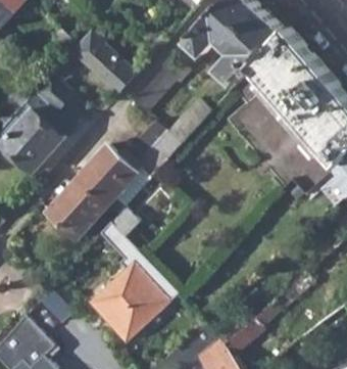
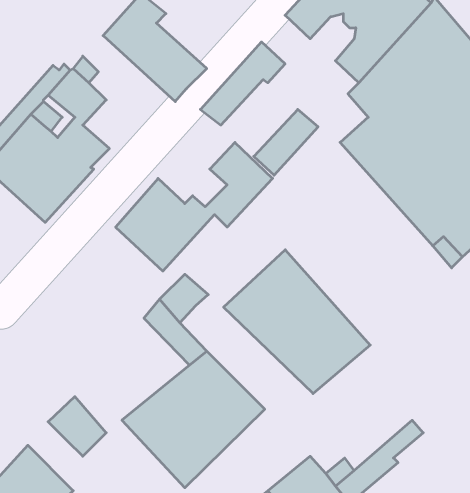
building: [49,176,111,238] -> none
building: none -> [224,250,370,394]

